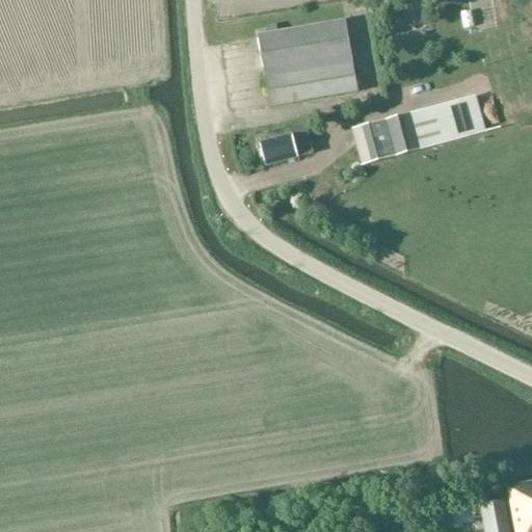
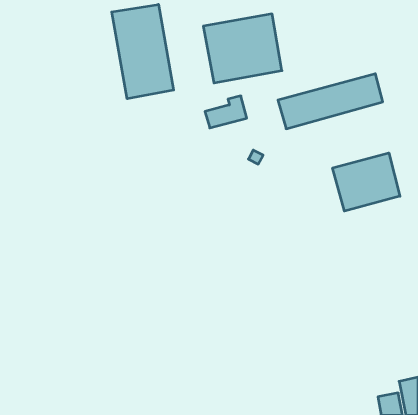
building: none -> [112,4,174,99]
building: none -> [333,153,400,211]

